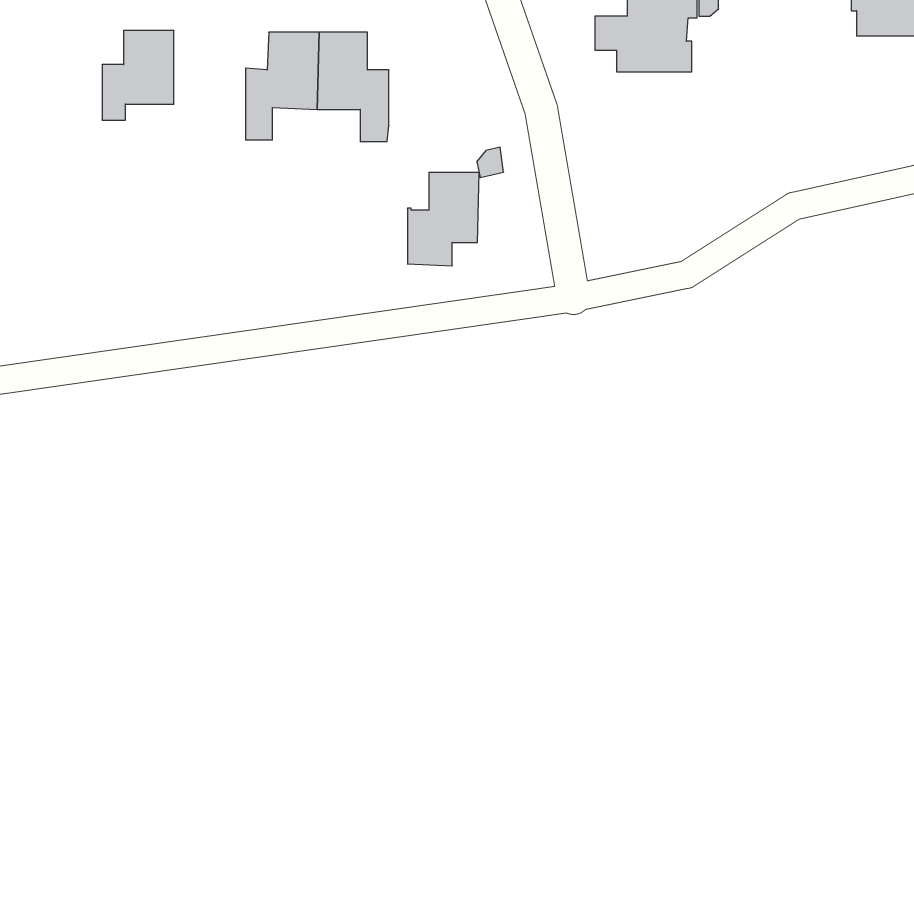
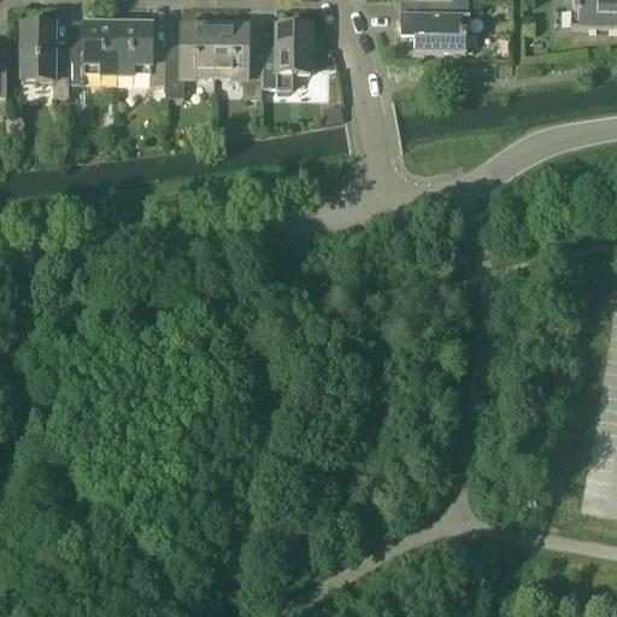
building: none -> [20,19,70,92]
building: none -> [118,20,166,81]
building: [407,172,479,266] -> [263,23,311,86]

